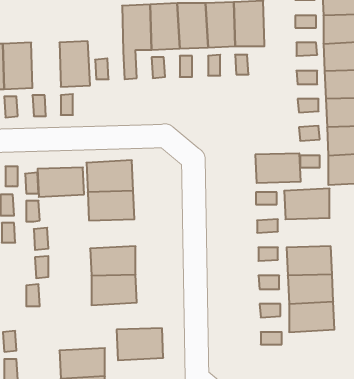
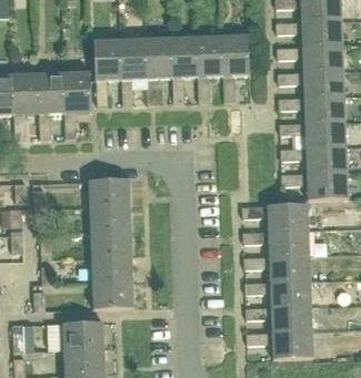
building: none -> [93,38,121,79]
building: none -> [38,71,64,112]
building: [255,153,301,183] -> [268,229,309,256]
building: [38,167,84,197] -> [90,231,132,257]
building: [117,328,163,360] -> [62,320,104,349]
building: none -> [271,330,313,358]

